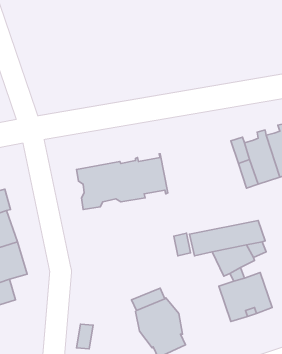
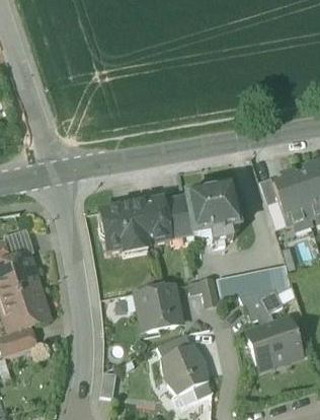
building: none -> [185,186,239,241]
building: none -> [137,284,181,331]

